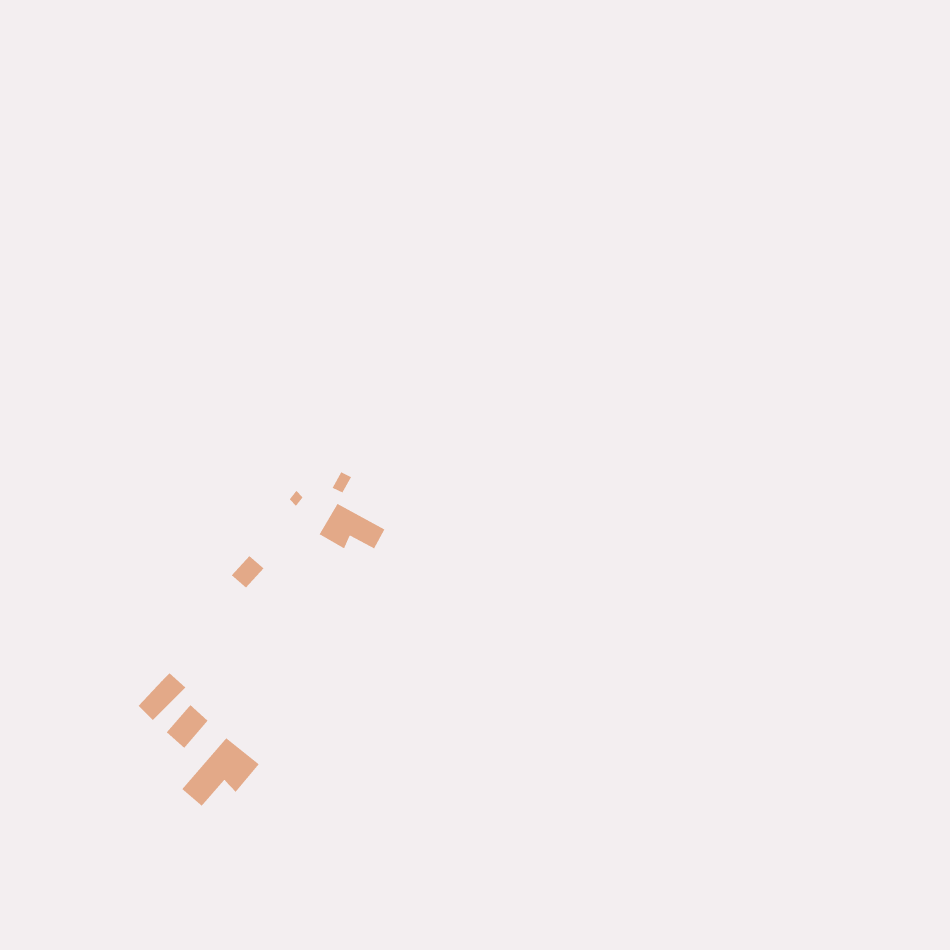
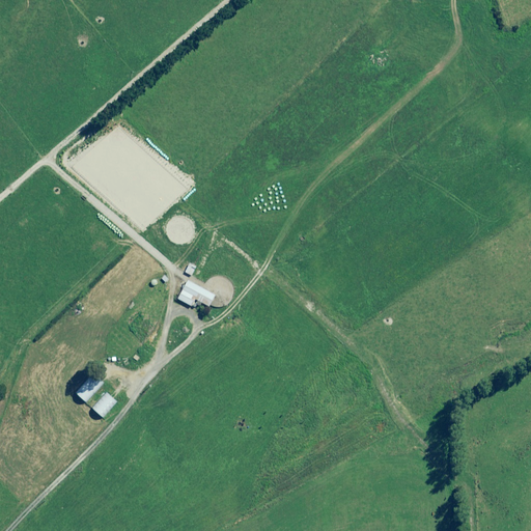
building: [181,737,260,807] -> none

